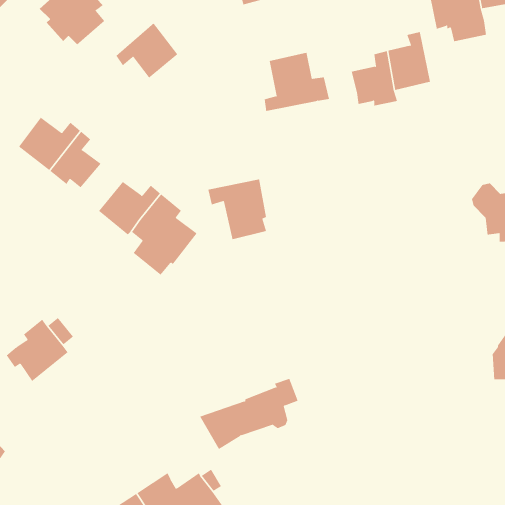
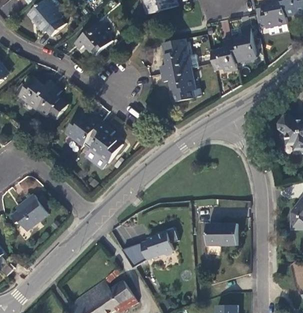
building: [208,179,267,240] -> [161,68,195,103]
building: none -> [206,222,236,249]

